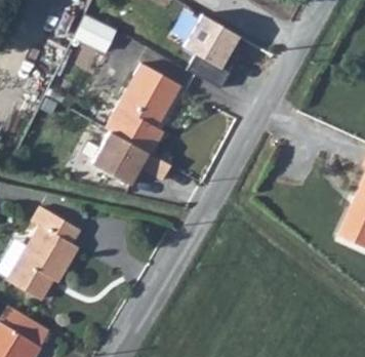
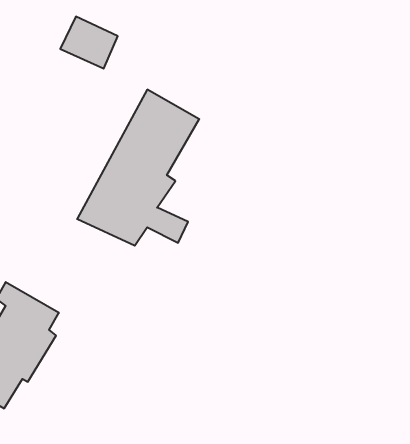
building: [182,12,240,87] -> none

